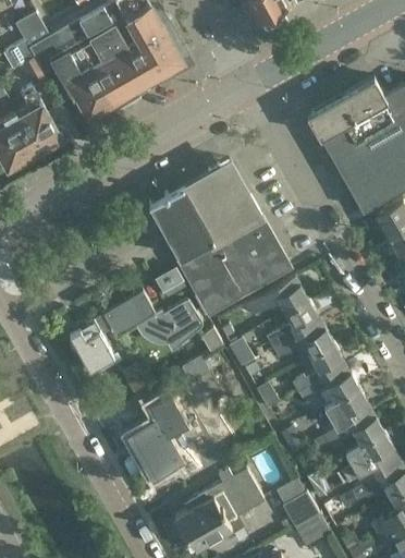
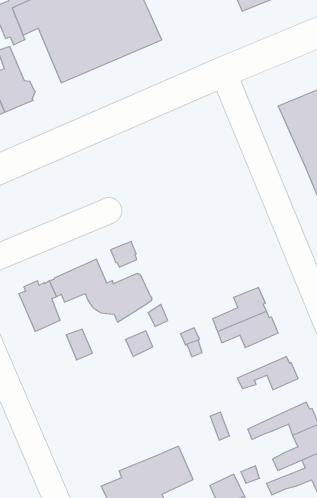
building: [148,161,291,317] -> none
building: [245,278,308,317] -> none
building: [292,344,344,395] -> none
building: [312,388,369,437] -> none
building: [132,390,191,477] -> none

